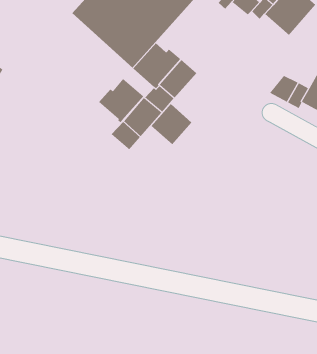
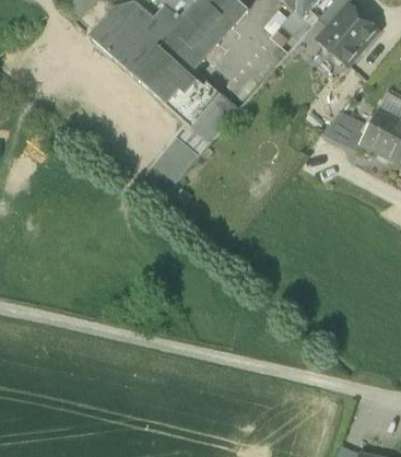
building: [98,78,144,123] -> none
building: [151,103,192,145] -> none

